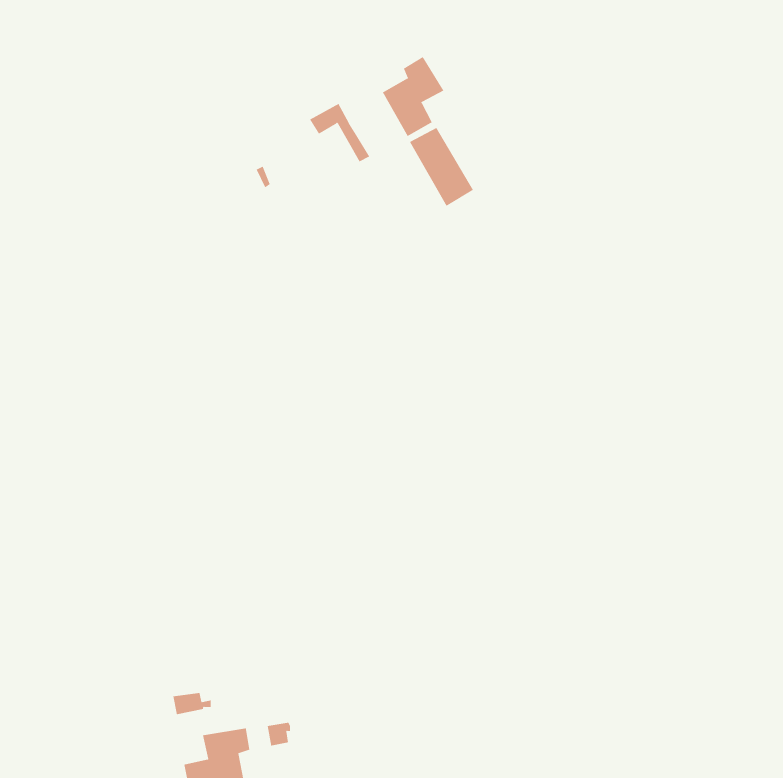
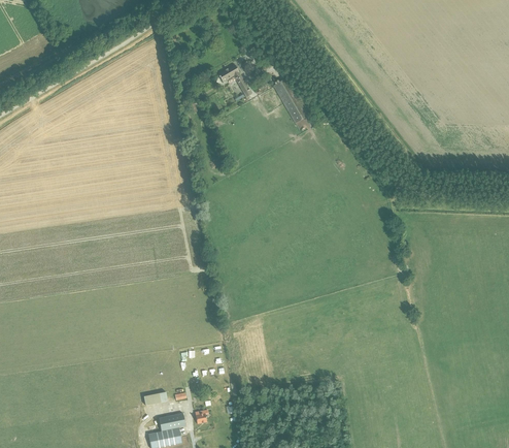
building: [382,56,444,137] -> none

